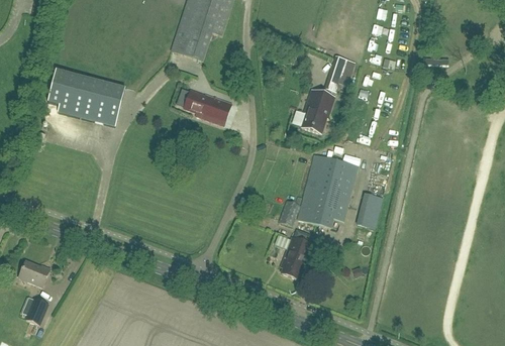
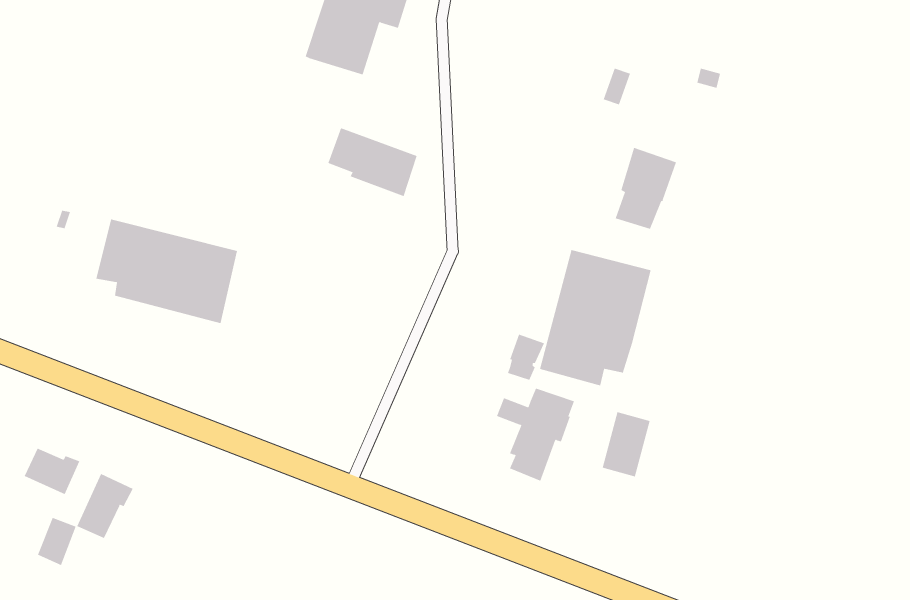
building: [47,69,124,125] -> [96,219,238,324]
building: [301,88,334,132] -> [615,147,677,230]
building: [356,193,382,228] -> [602,412,650,477]
building: none -> [76,473,133,539]

